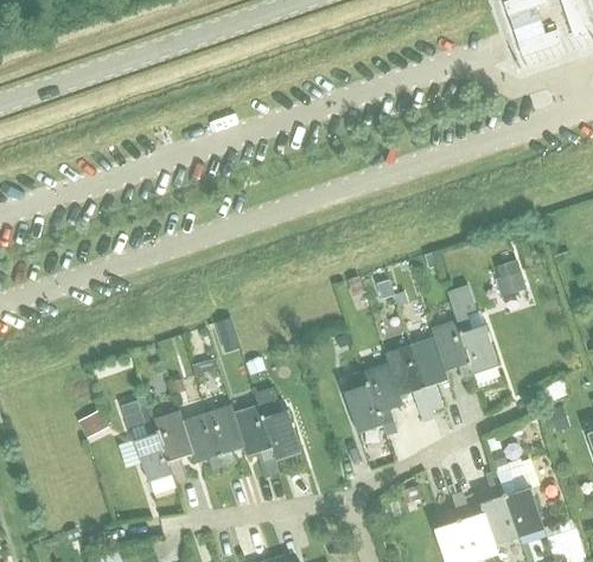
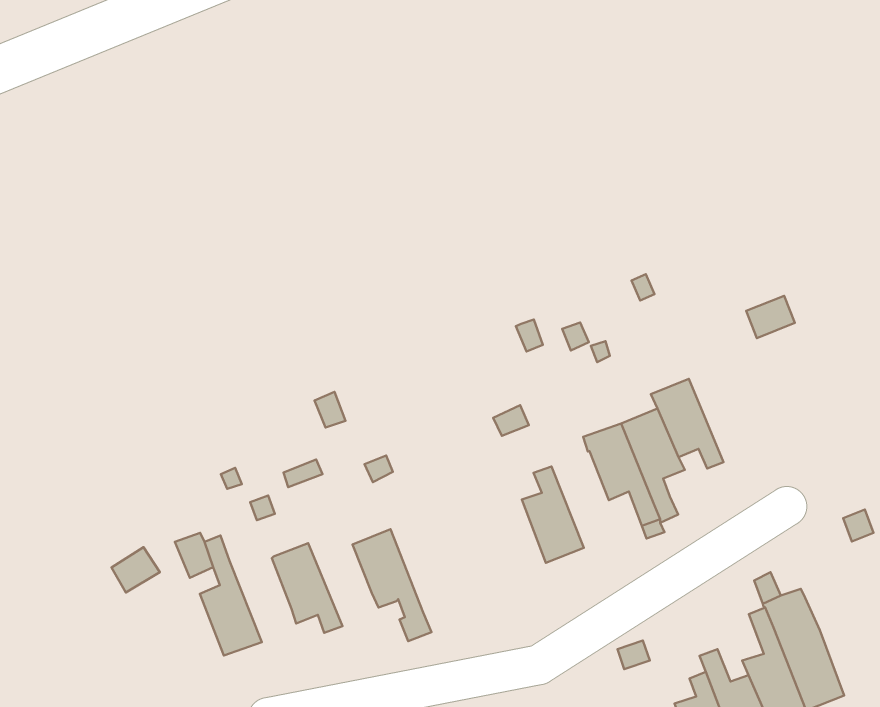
building: [446,285,499,375] -> none
building: [364,363,402,435] -> none
building: [254,388,301,460] -> none
building: [205,403,244,466] -> none
building: [154,411,192,481] -> none

